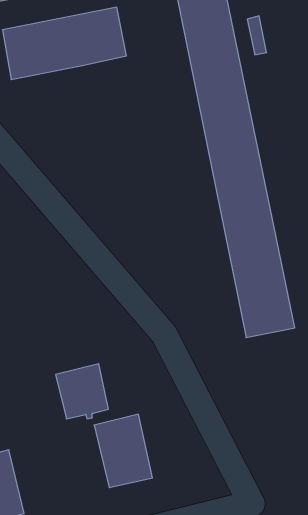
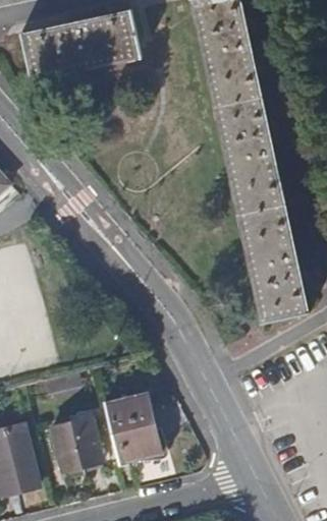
building: [56,364,108,419] -> [57,417,107,469]

